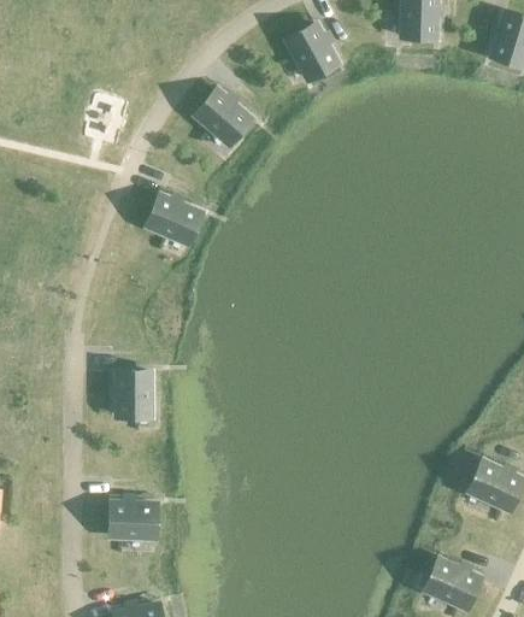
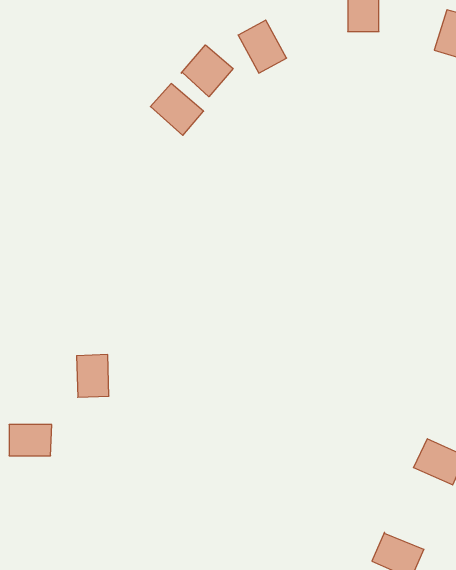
building: none -> [181,45,233,97]
building: [148,195,201,242] -> none
building: [113,504,158,536] -> [9,425,52,456]

